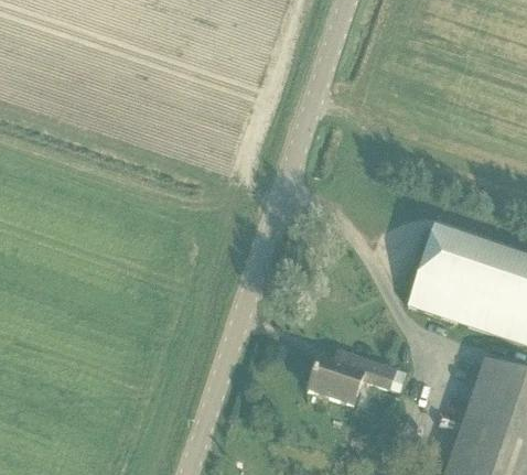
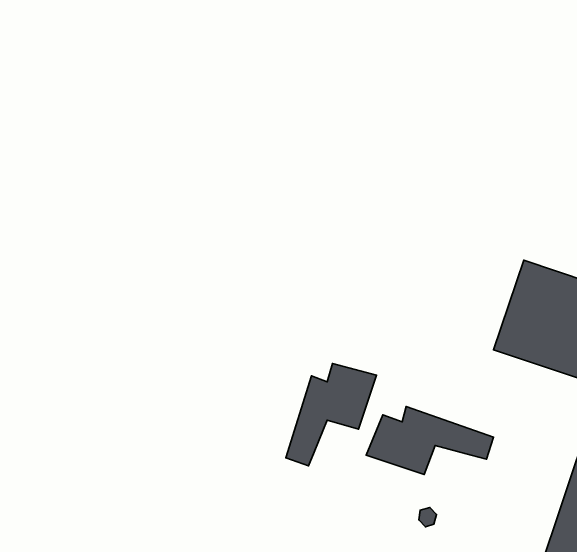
building: none -> [286,364,377,466]

